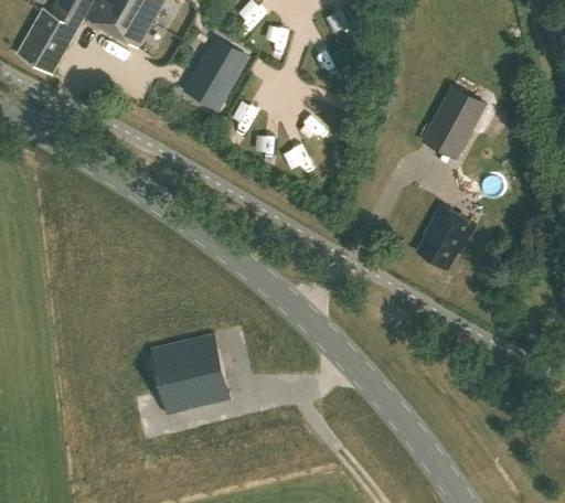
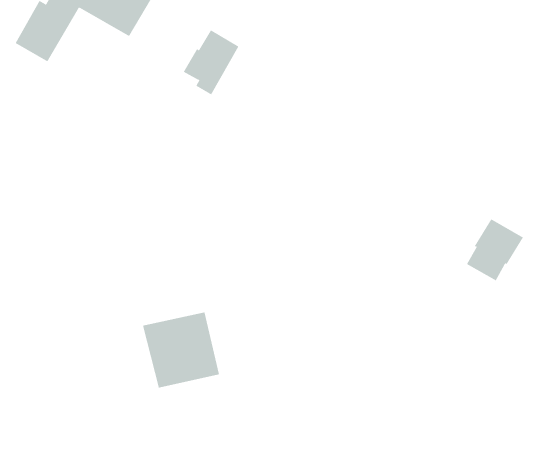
building: [423,87,484,159] -> none
building: [415,204,475,269] -> [466,218,524,281]

